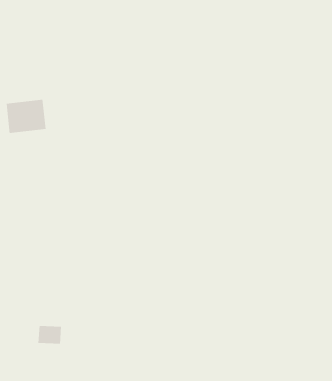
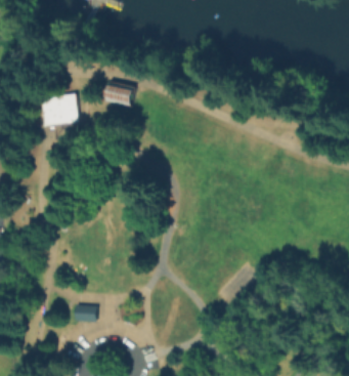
building: none -> [101,80,134,108]

